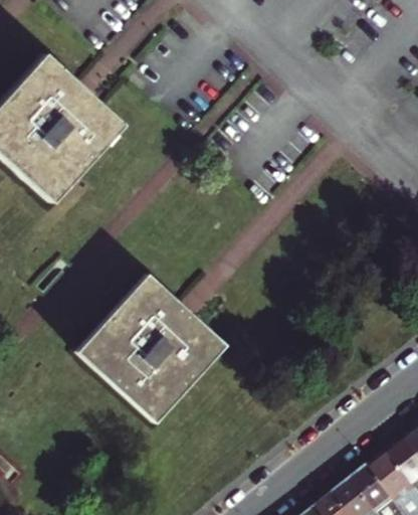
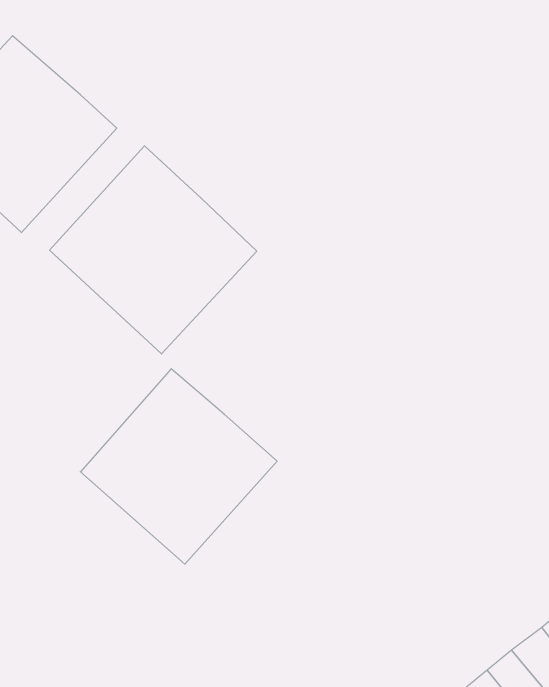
building: none -> [50,146,257,354]

